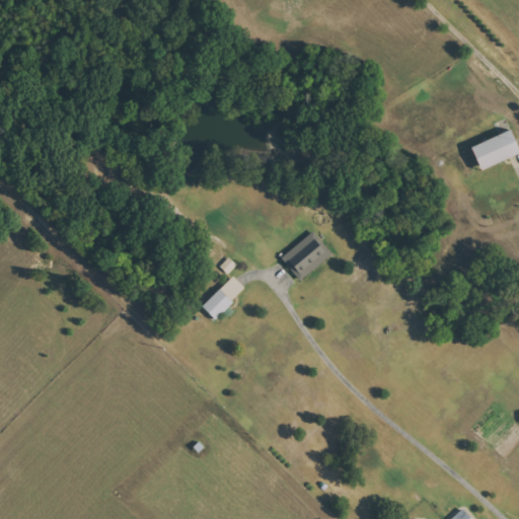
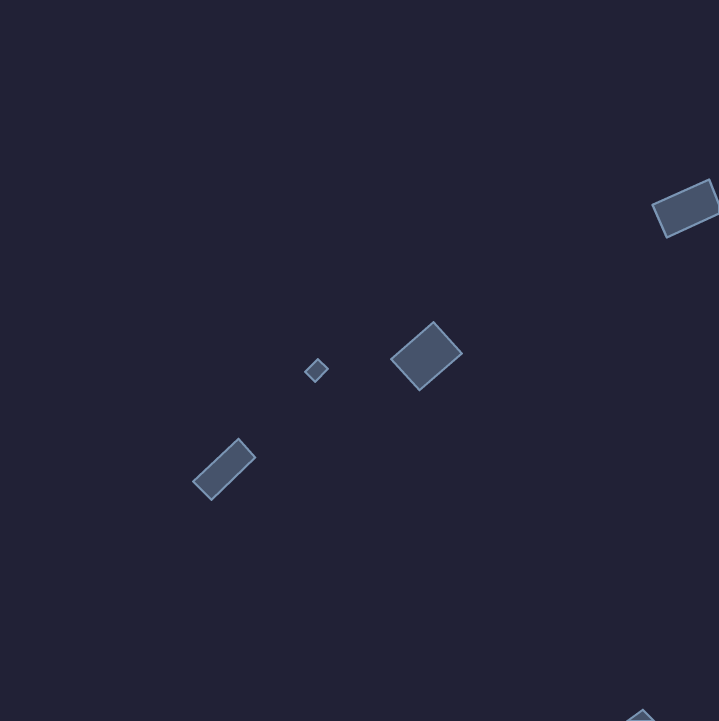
building: [200,276,244,319] -> [193,439,255,500]

